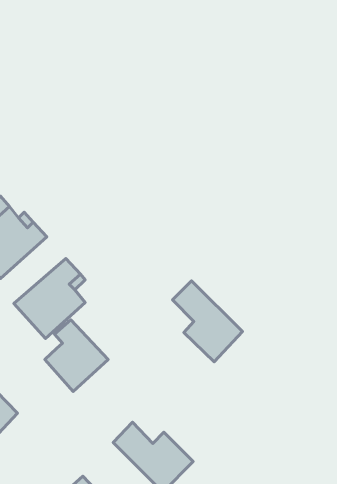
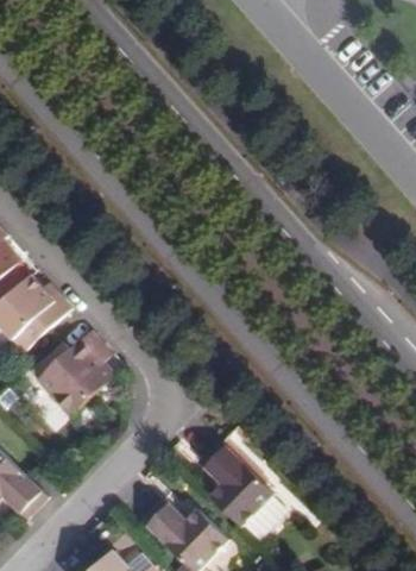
building: [172,281,242,362] -> [197,441,271,527]
building: [45,320,108,391] -> none

